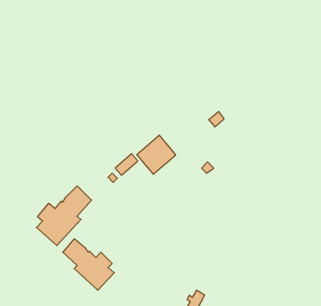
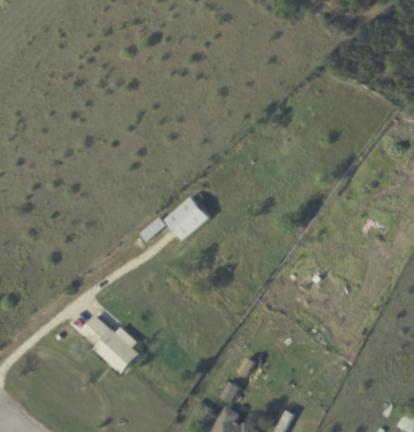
building: [36,186,92,246] -> none

